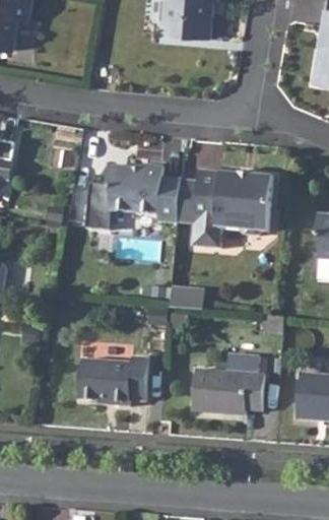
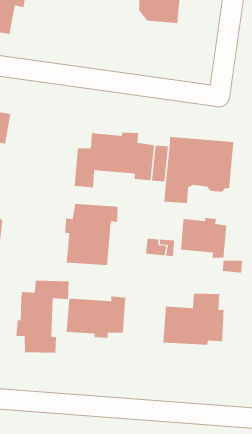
building: none -> [65,203,118,266]
building: none -> [181,217,227,259]
building: none -> [16,280,69,353]

